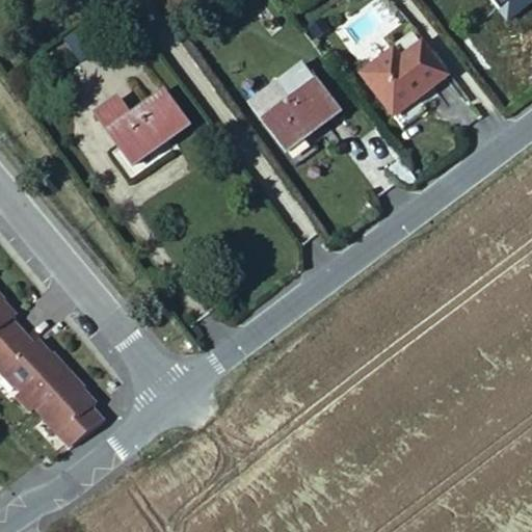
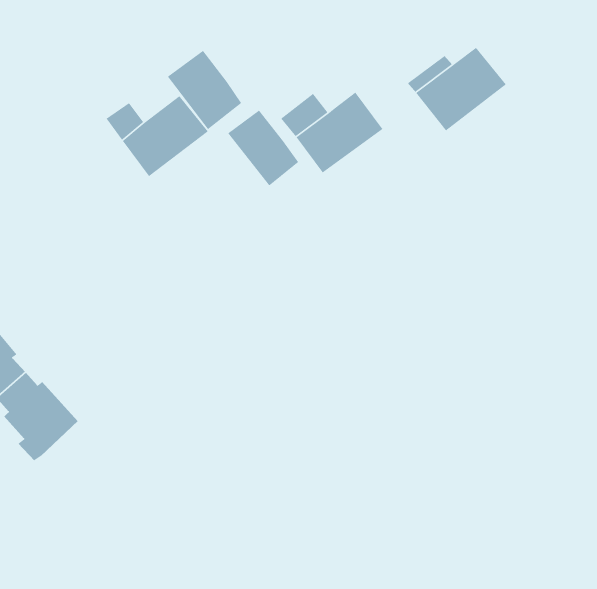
building: none -> [167,50,242,130]
building: none -> [227,109,299,186]
building: [36,373,104,441] -> none

